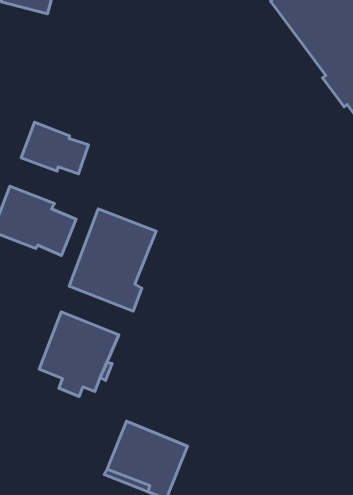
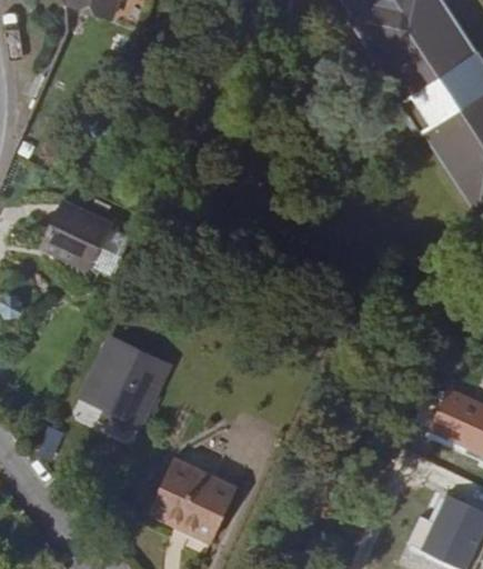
building: [21,122,89,174] -> none
building: [69,209,156,311] -> none

